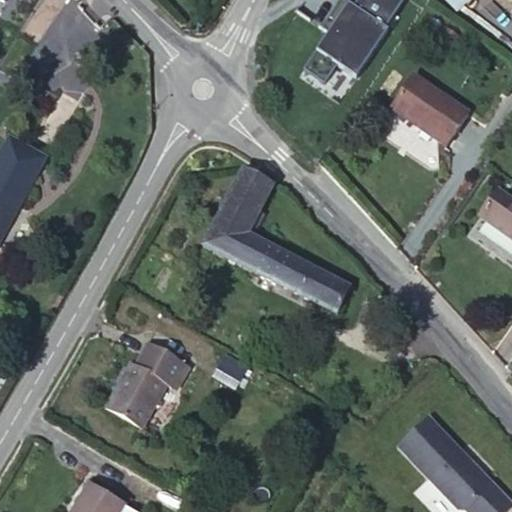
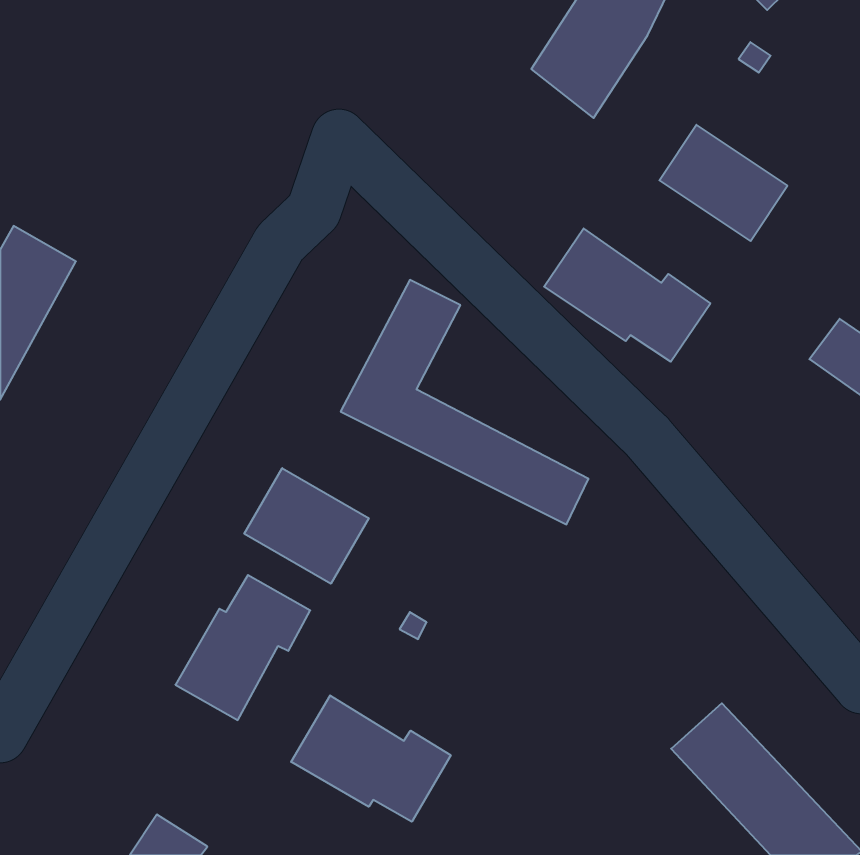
building: none -> [544,228,710,362]
building: none -> [244,468,369,584]
building: none -> [291,695,451,822]

